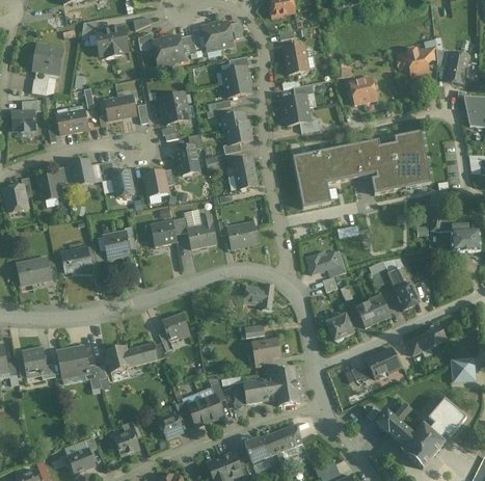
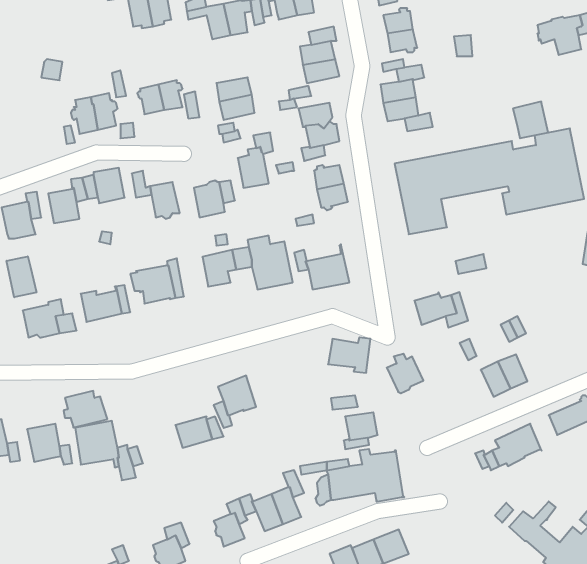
building: [33,42,63,78] -> none
building: [350,76,376,103] -> [513,102,548,138]
building: [12,108,39,129] -> none
building: none -> [7,256,36,297]
building: [386,266,419,310] -> none
building: [326,313,353,342] -> [387,354,423,393]
building: [104,344,136,371] -> [64,391,107,428]

